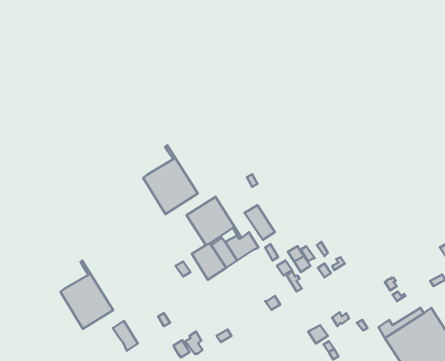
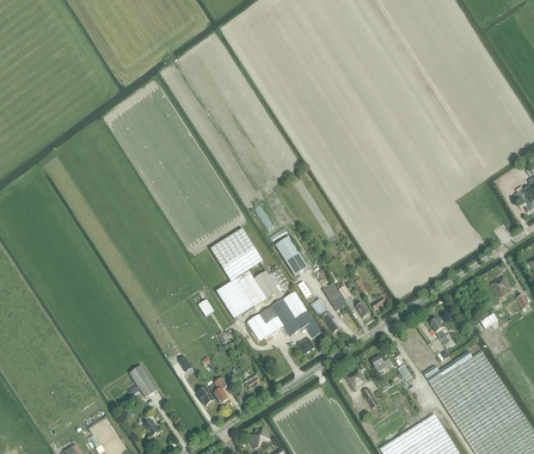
building: [143,145,198,214] -> none
building: none -> [247,292,321,342]
building: [60,260,113,329] -> none

